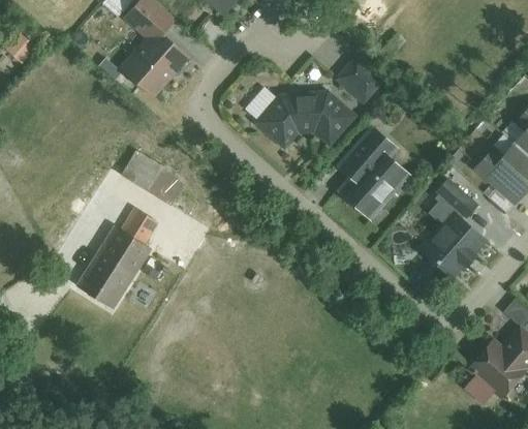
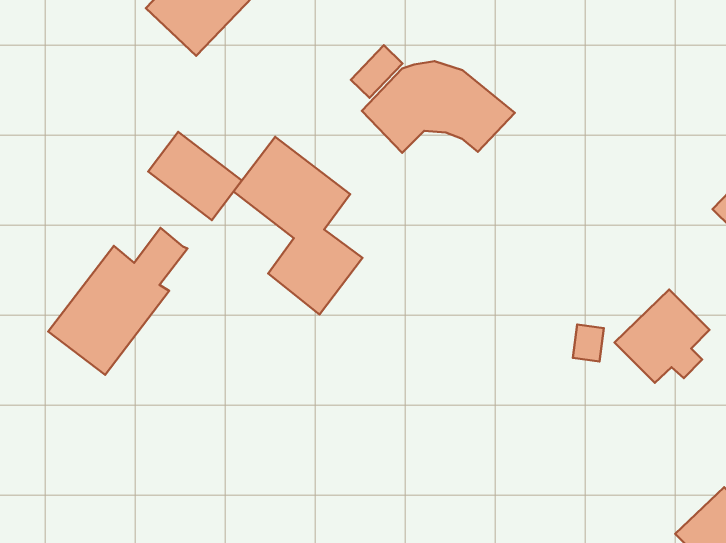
building: [339,56,385,102] -> none
building: [337,127,409,224] -> none
building: none -> [233,137,363,314]
building: [436,180,474,216] -> none

